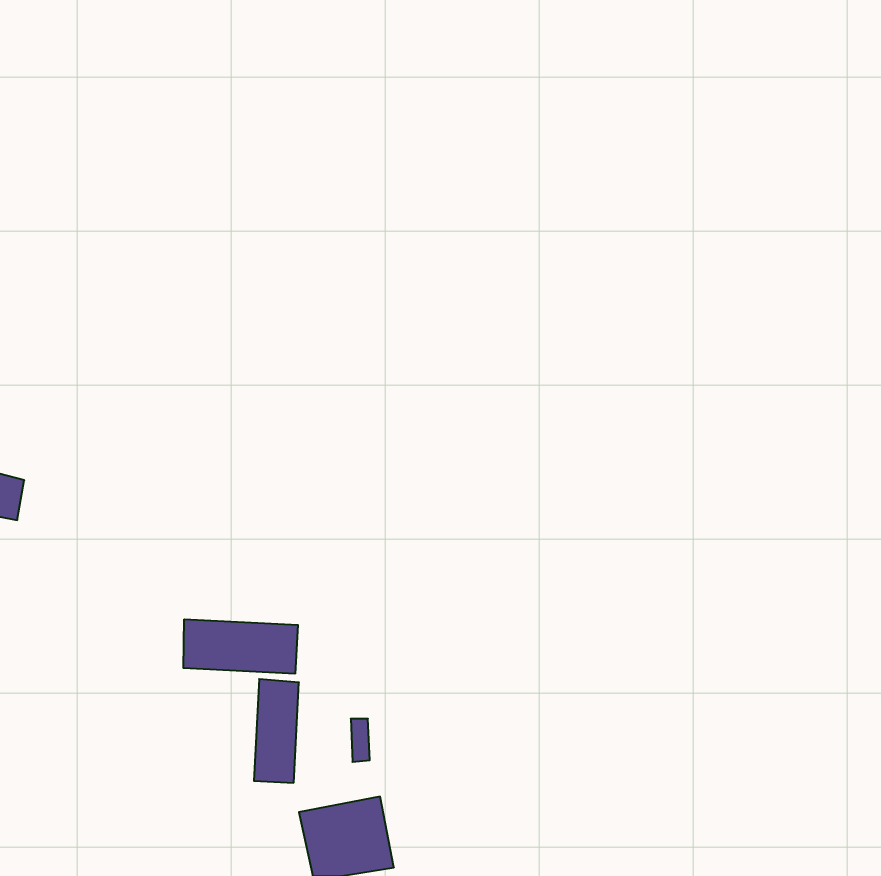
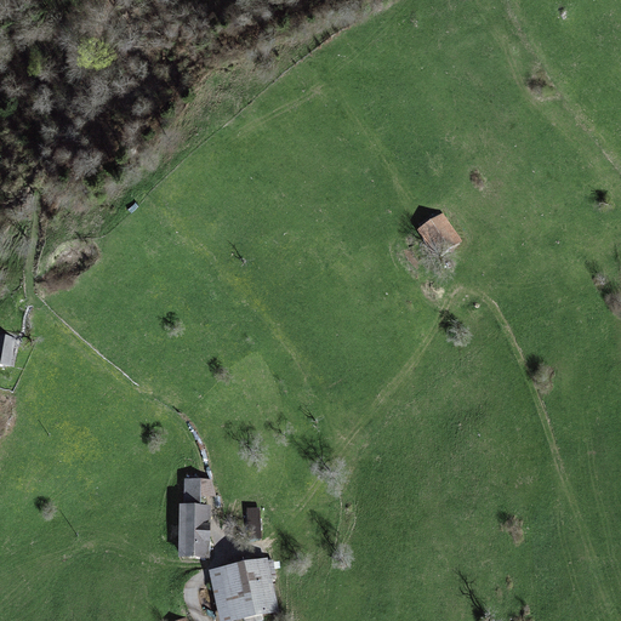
building: none -> [412,211,461,258]
building: [183,619,298,674] -> none

